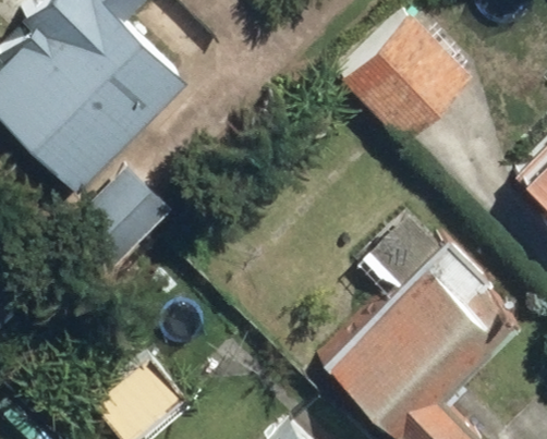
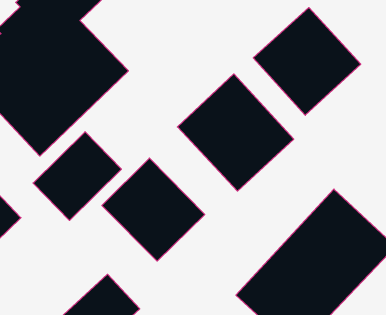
building: none -> [177,74,294,191]
building: none -> [102,158,205,261]

